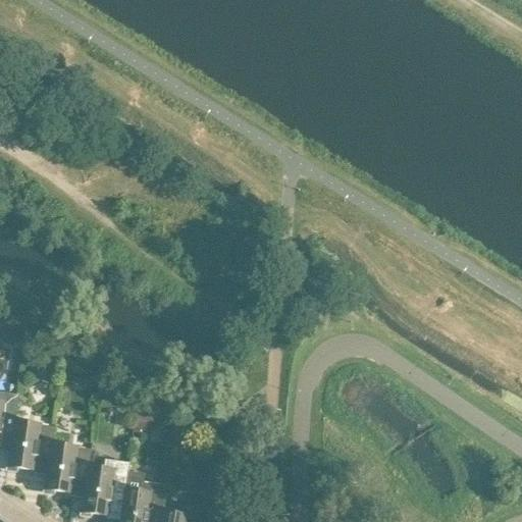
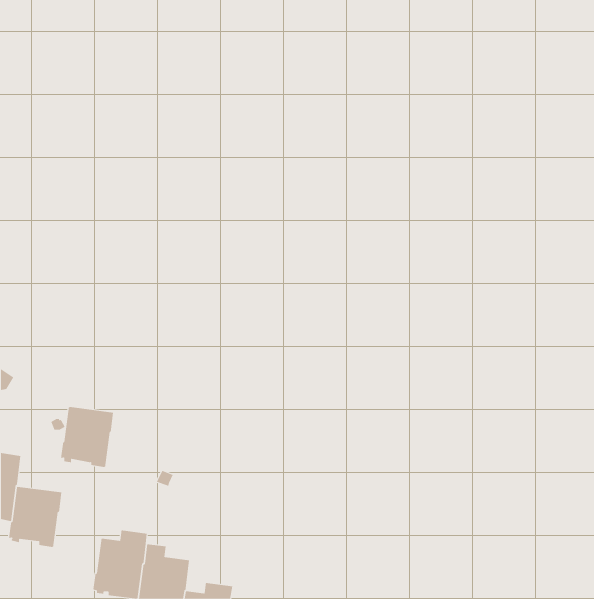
building: [48,446,95,499] -> [60,407,114,467]

